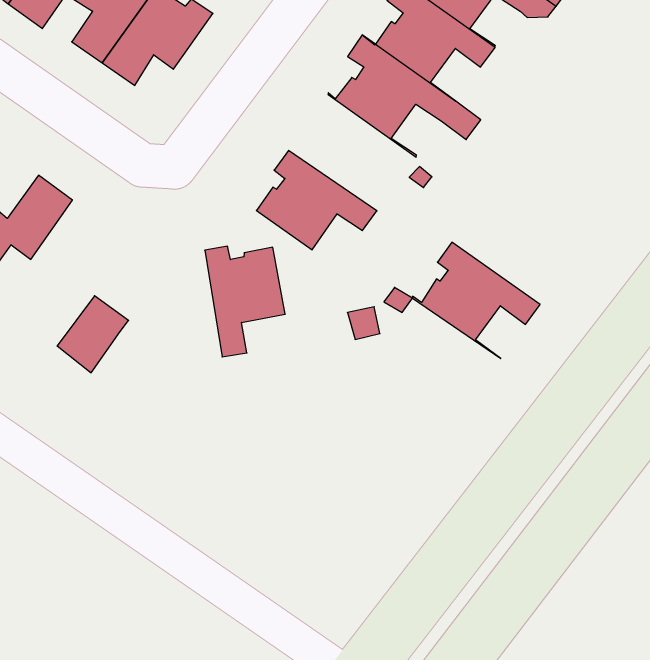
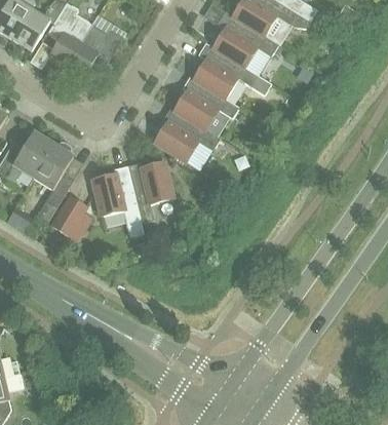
building: none -> [32,141,72,221]
building: [412,242,540,359] -> [168,76,238,138]
building: none -> [90,165,143,237]

